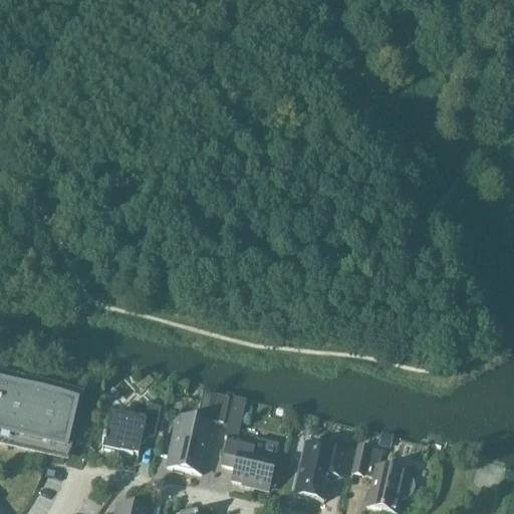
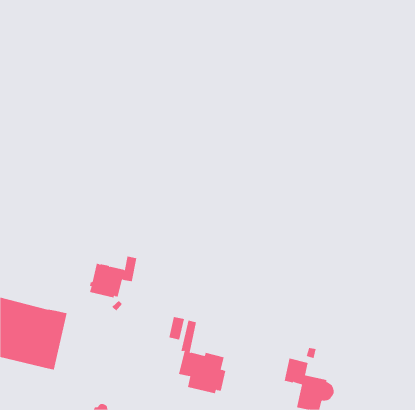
building: [100,401,160,453] -> [89,256,137,298]
building: [166,414,211,471] -> none
building: [292,441,346,498] -> none

